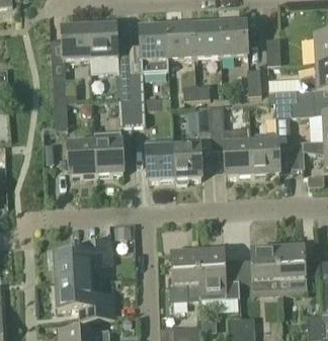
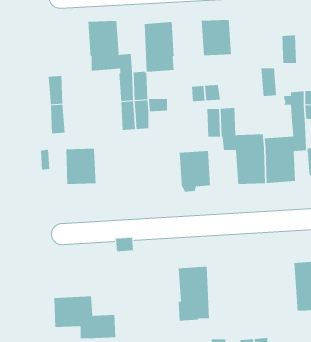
building: [219,21,247,56] -> none
building: [166,24,194,58] -> none
building: [62,25,90,60] -> none
building: [94,130,124,174] -> none
building: [146,146,174,179] -> none
building: [56,240,111,279] -> none
building: [252,247,280,292] -> none
building: [198,249,241,299] -> none

